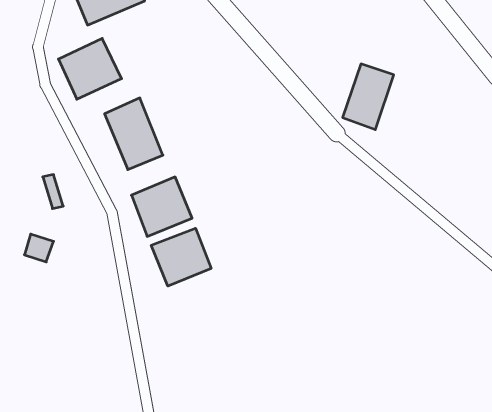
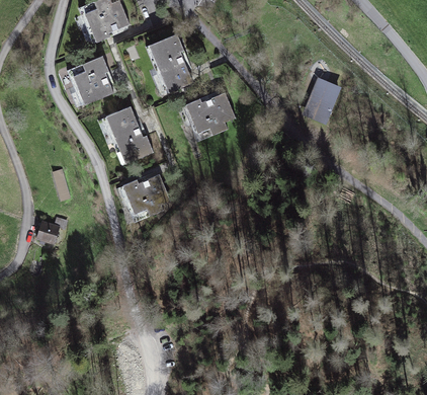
building: none -> [140,35,194,96]
building: none -> [185,90,239,139]
building: [151,228,211,286] -> none

